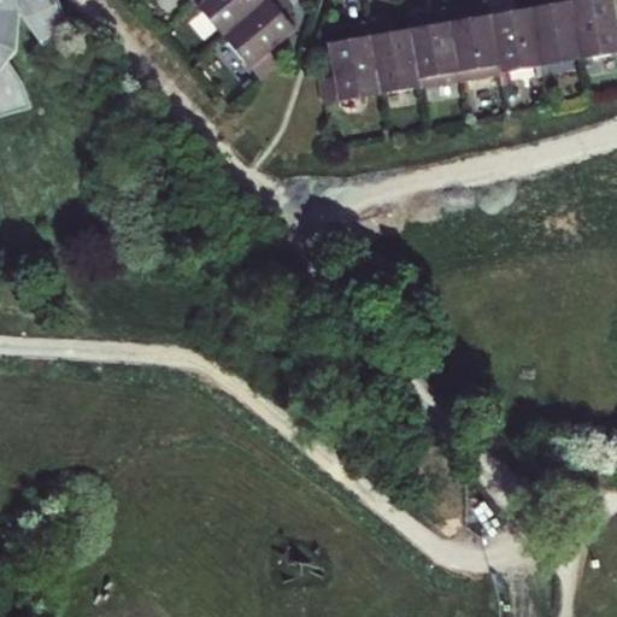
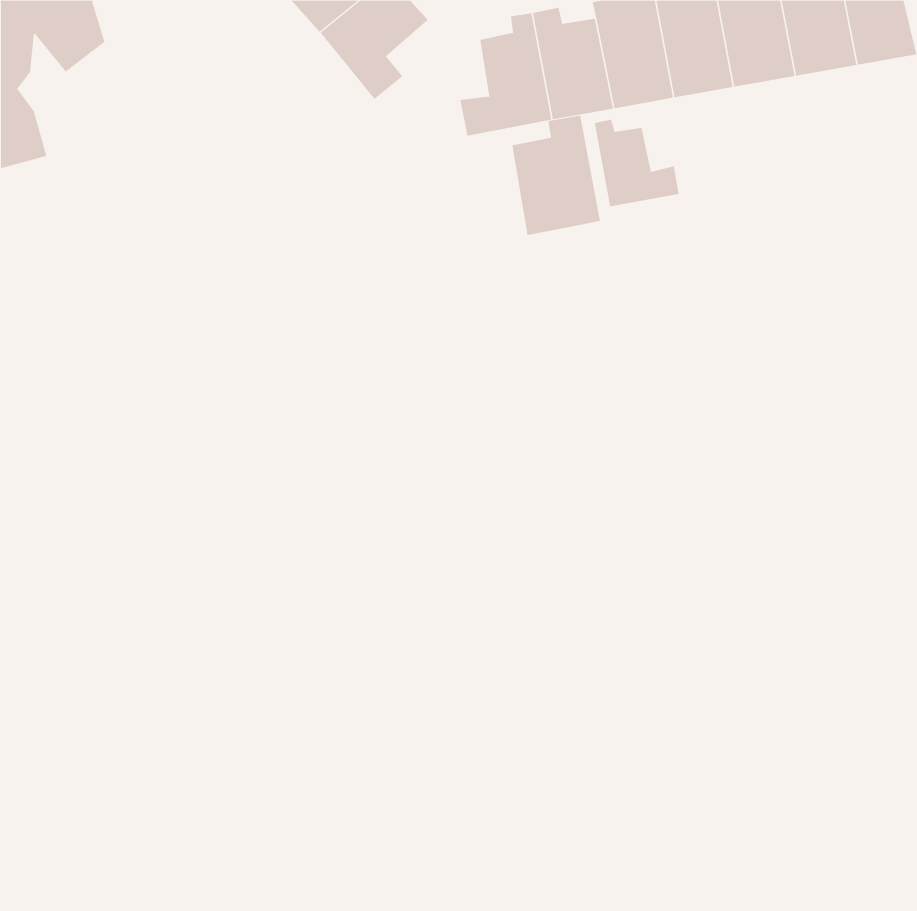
building: none -> [512,115,600,236]
building: none -> [594,119,679,207]

